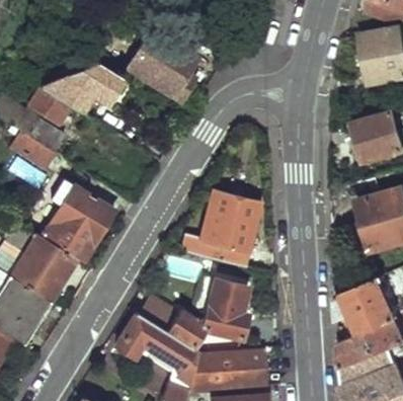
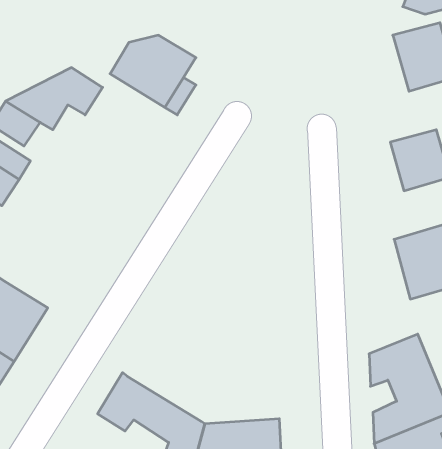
building: [42,185,114,262] -> none
building: [179,191,256,262] -> none
building: [141,279,248,350] -> none

